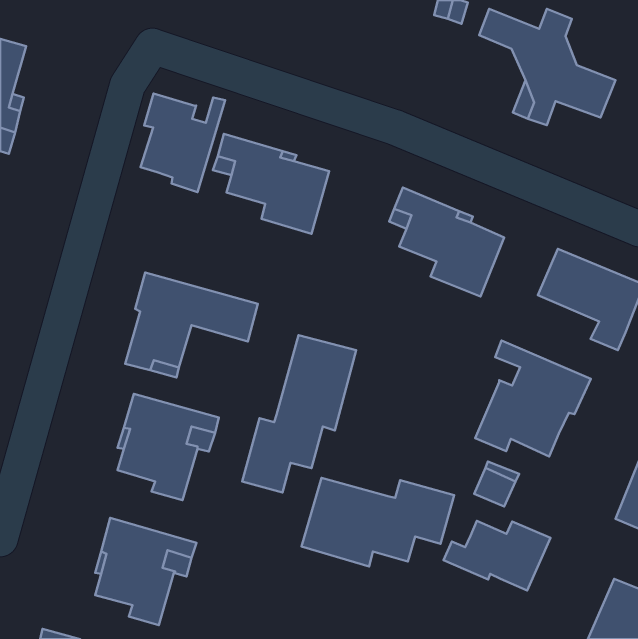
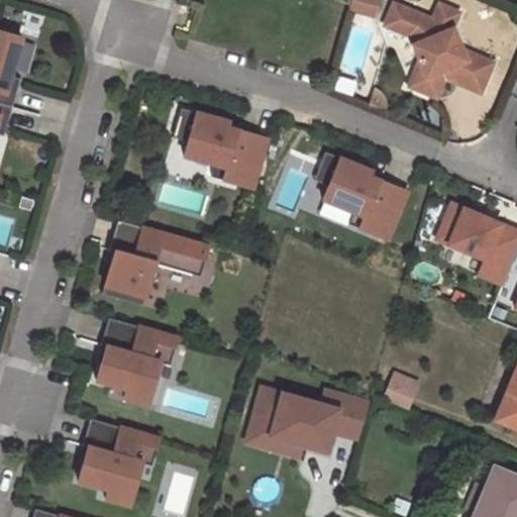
building: [141,93,225,192] -> none
building: [242,335,356,493] -> none
building: [475,341,591,456] -> none
building: [443,521,551,591] -> none

